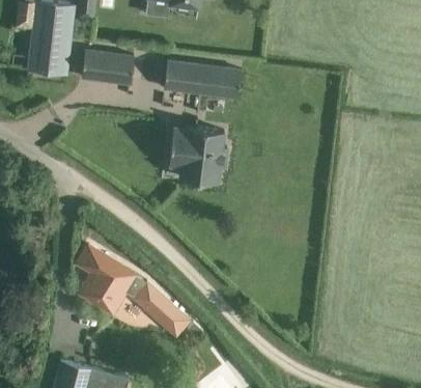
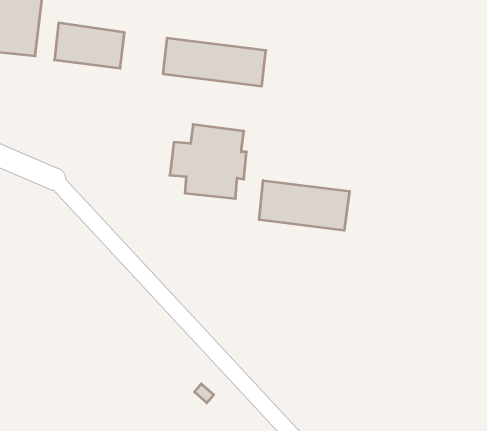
building: none -> [259,180,350,230]
building: [75,244,191,337] -> none

